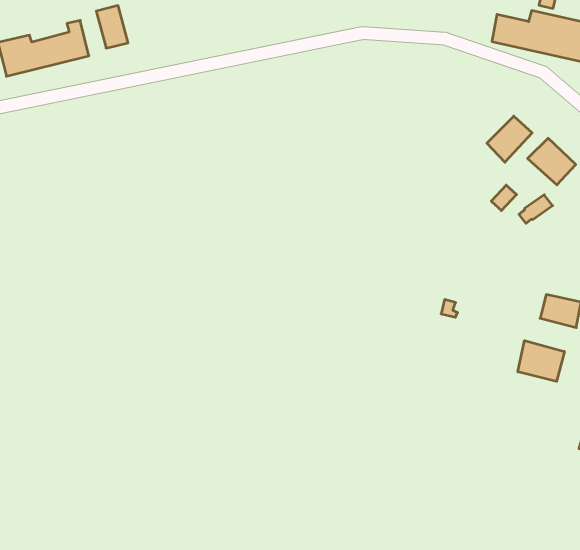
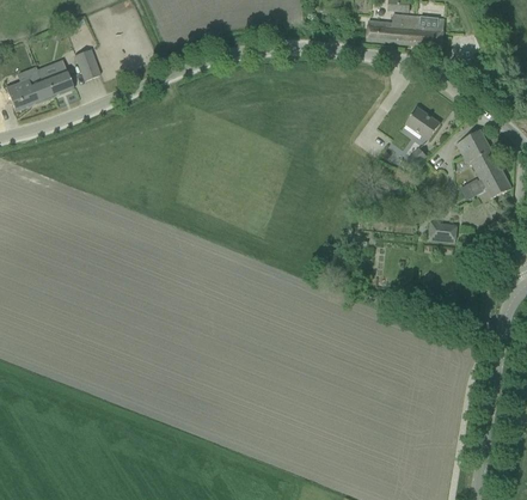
building: [487,116,532,162] -> none
building: [518,341,564,381] -> none

